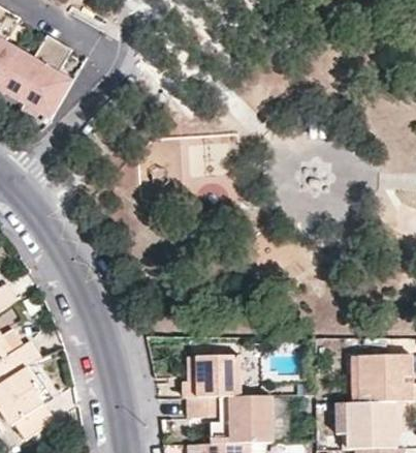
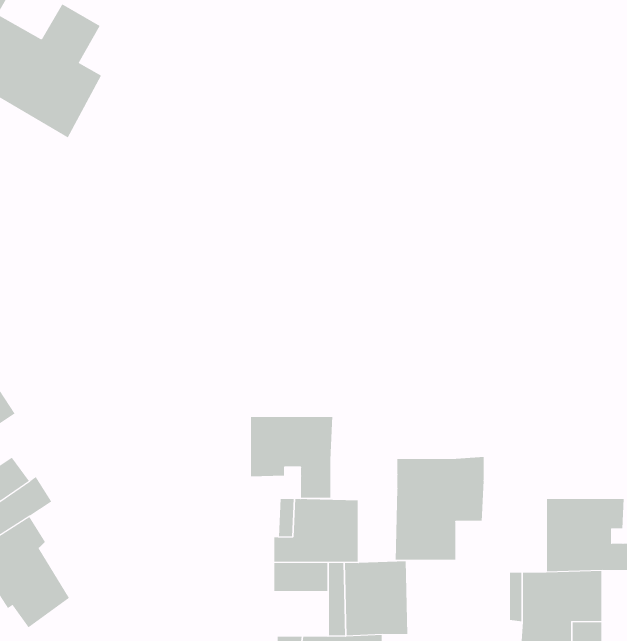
building: none -> [251,416,333,499]
building: none -> [395,456,484,561]

